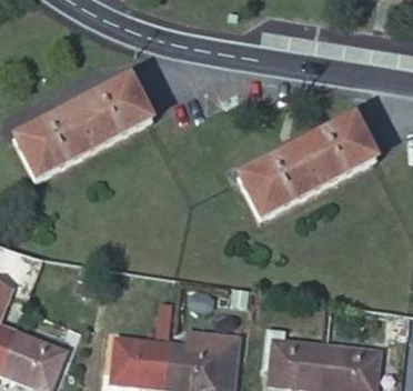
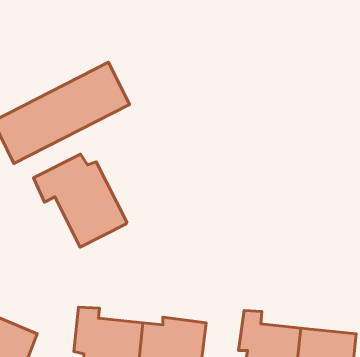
building: [240,117,375,217] -> none
building: none -> [33,154,127,247]

